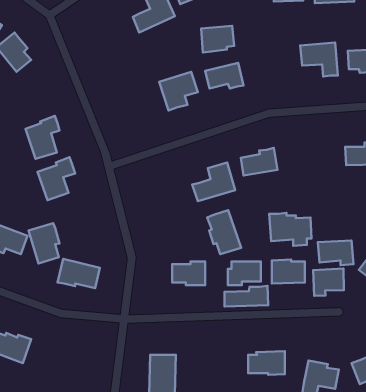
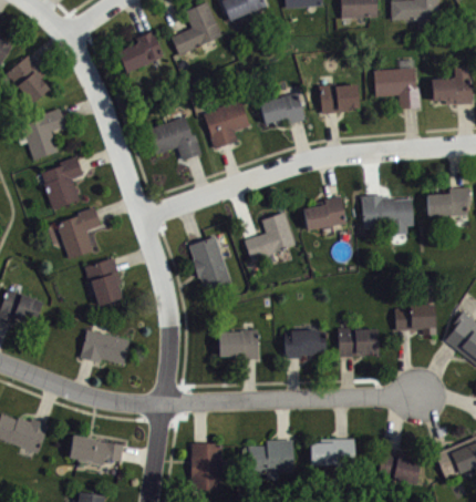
building: none -> [116,31,164,74]
building: [201,26,234,52] -> [318,80,358,112]
building: none -> [22,106,65,158]
building: none -> [146,116,201,160]
building: [207,210,241,254] -> [188,235,229,288]
building: [269,213,311,246] -> [361,193,412,233]
building: [29,223,60,264] -> [84,257,122,306]
building: [313,268,344,296] -> none
building: [224,286,268,306] -> none
building: none -> [68,438,123,465]
building: none -> [248,441,292,481]

